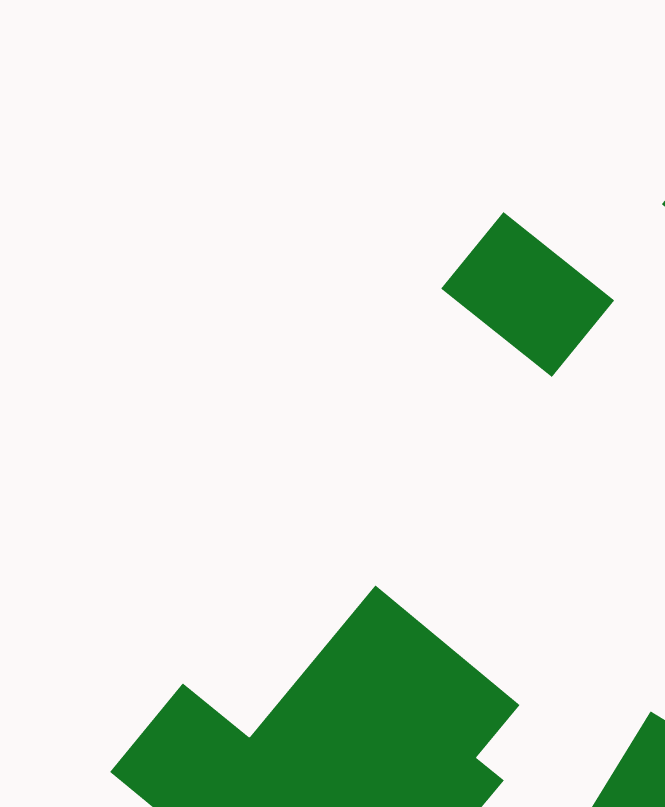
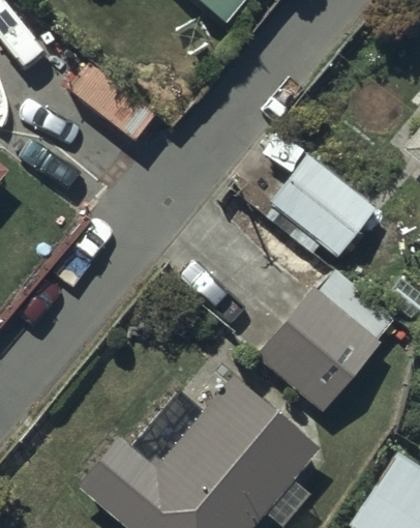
building: none -> [254,270,394,413]

